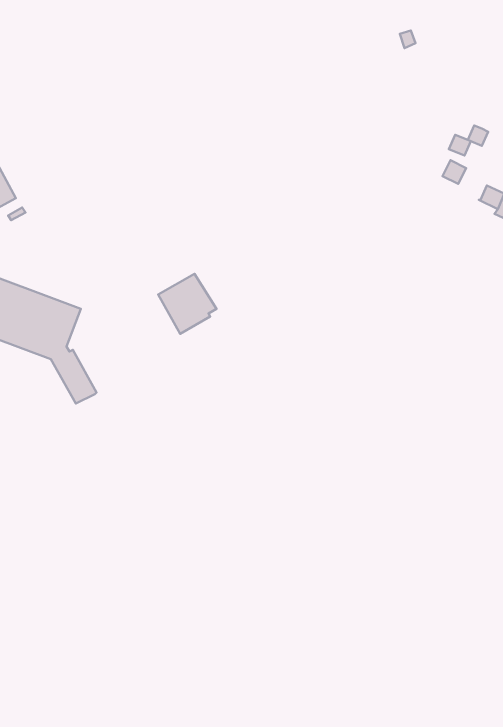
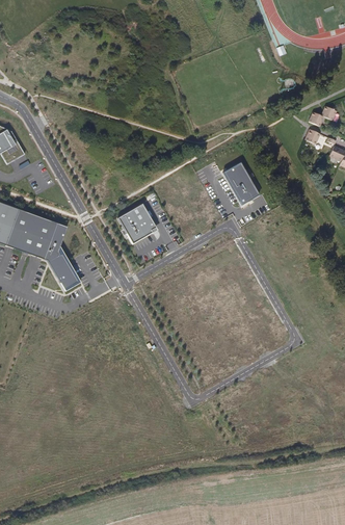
building: none -> [222,161,259,204]

